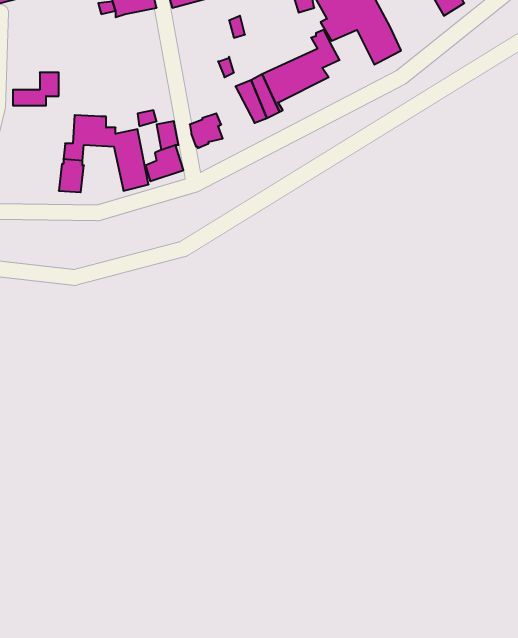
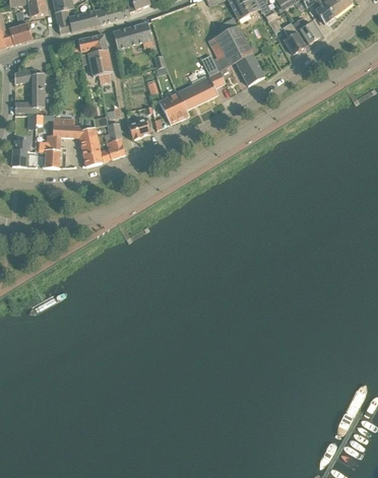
building: none -> [86,49,112,82]
building: none -> [13,67,44,90]
building: none -> [11,140,29,166]

